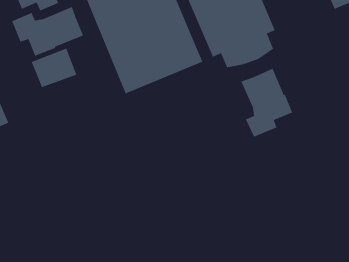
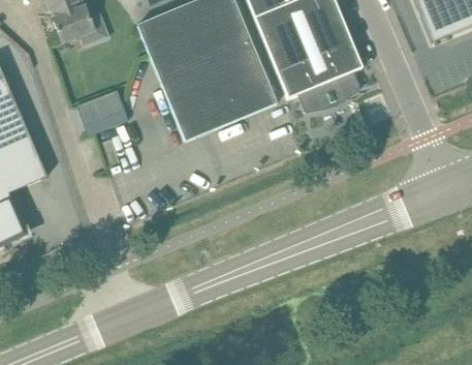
building: [12,6,84,57] -> none
building: [241,68,293,138] -> none

